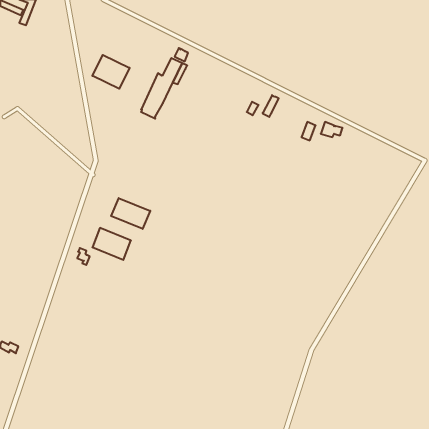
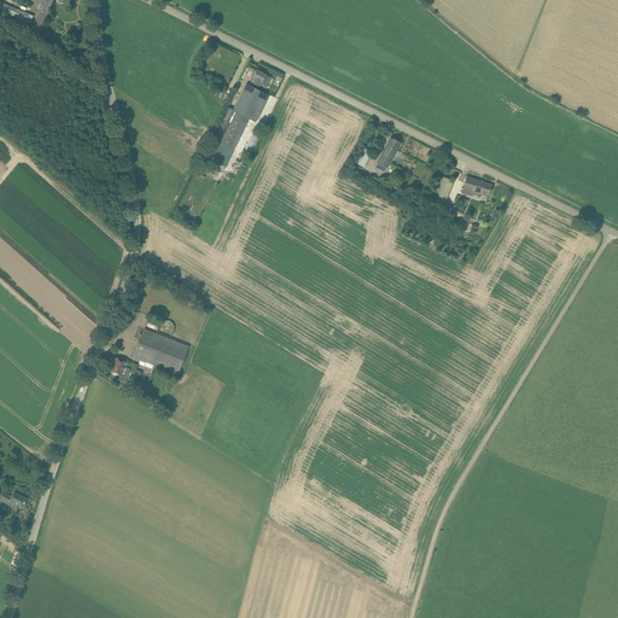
building: [92,55,130,89] -> none
building: [111,198,150,229] -> none

